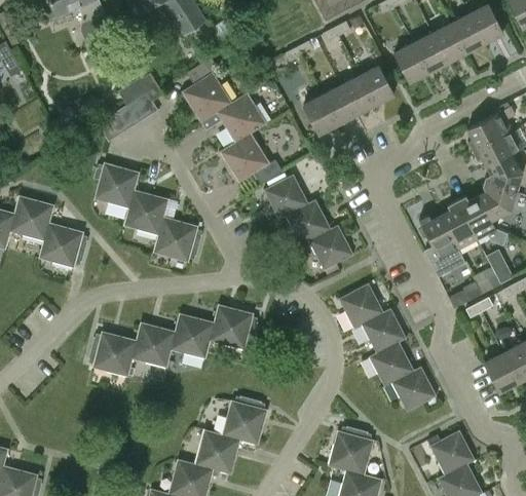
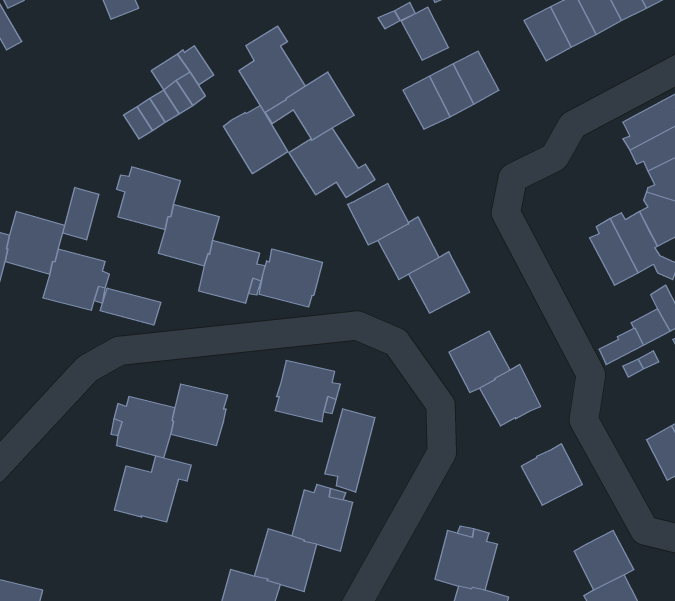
building: [360,66,394,105] -> [401,7,449,60]
building: none -> [223,105,288,174]
building: none -> [63,187,99,240]
building: [418,214,464,276] -> none
building: none -> [259,249,323,307]
building: none -> [100,288,161,325]
building: [172,312,214,358] -> none
building: none -> [325,409,375,492]
building: [369,341,414,386] -> none
building: none -> [115,456,191,522]

